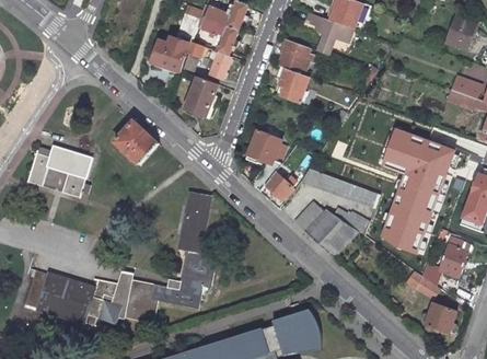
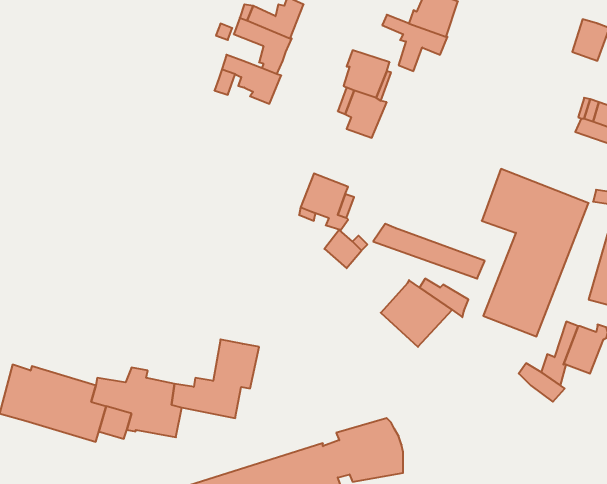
building: [152,37,187,70] -> none
building: [184,76,218,115] -> none
building: [113,119,158,164] -> none
building: [28,147,94,199] -> none
building: [177,193,212,255] -> none
building: [292,200,324,232] -> none
building: [420,302,457,333] -> none

